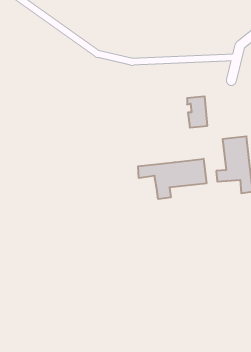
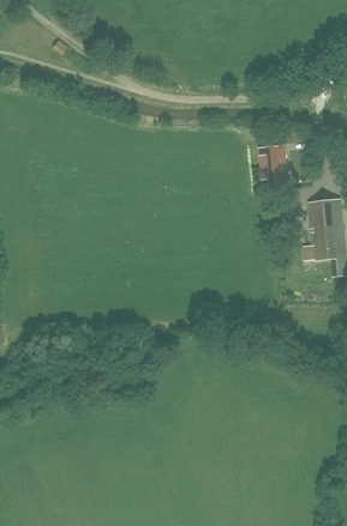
building: [138,159,206,199] -> none

